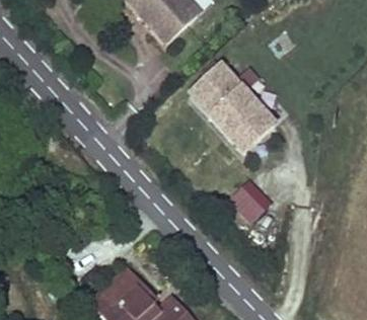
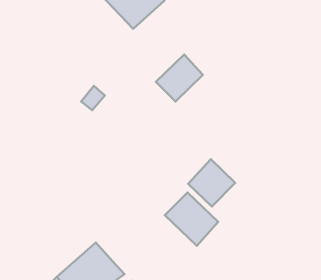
building: [215,87,272,144] -> none
building: none -> [165,192,218,246]

